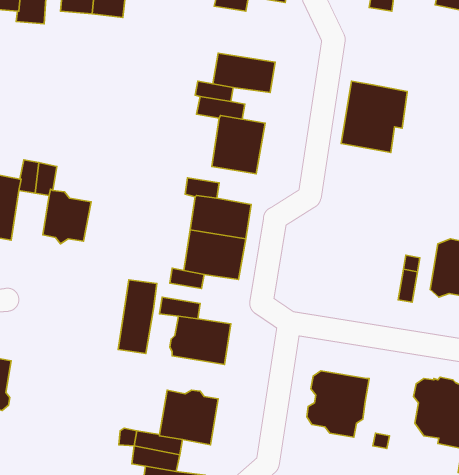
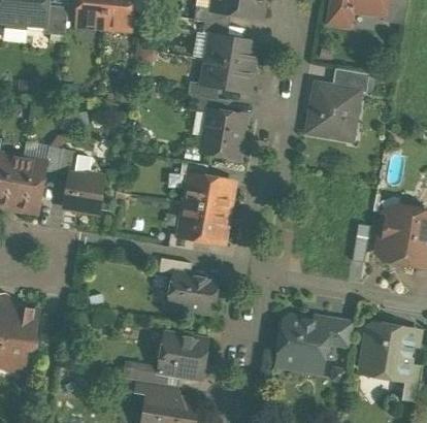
building: none -> [206,35,257,66]
building: none -> [332,67,369,92]
building: [118,280,157,354] -> none
building: none -> [326,317,354,346]

